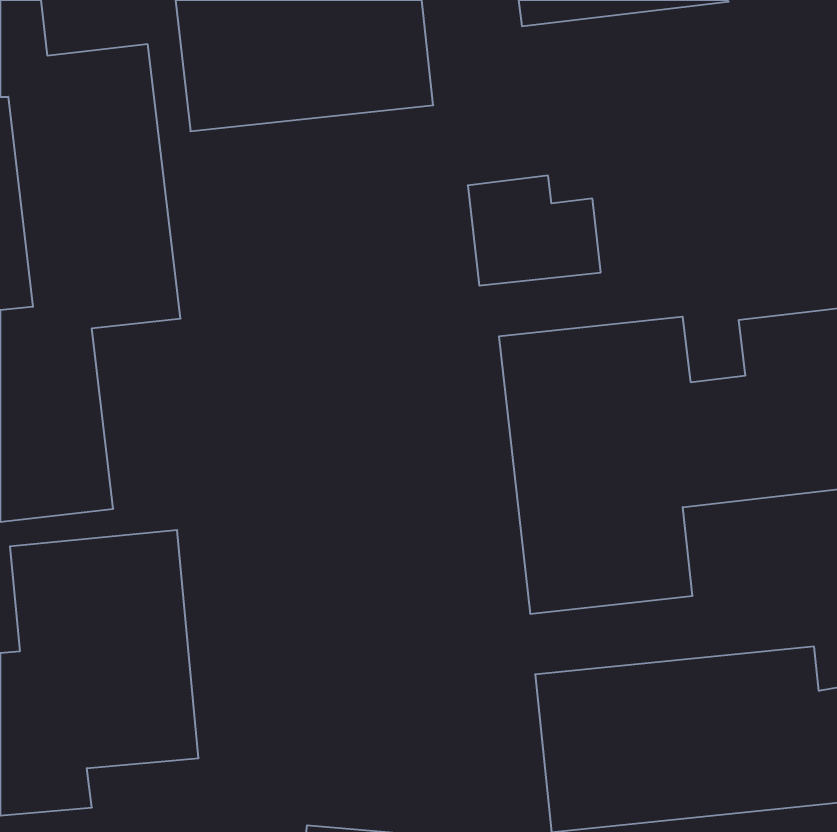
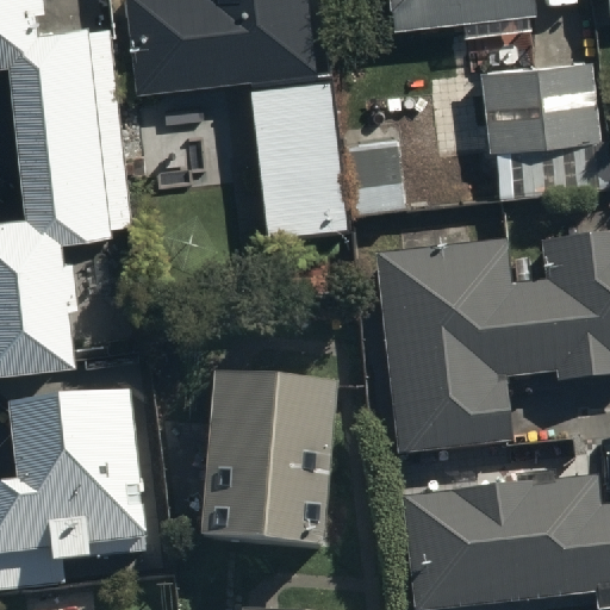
building: none -> [485,63,598,150]
building: none -> [253,86,351,237]
building: none -> [185,367,320,536]

